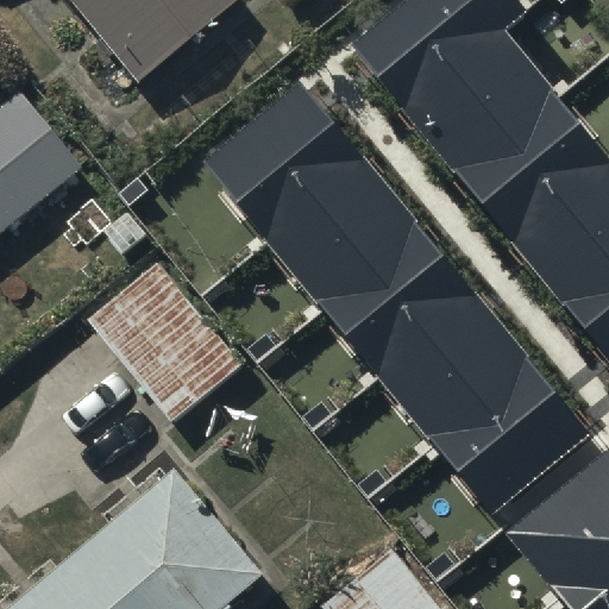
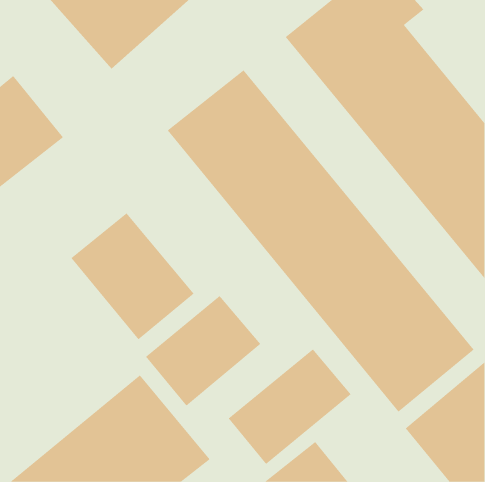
building: none -> [145,295,261,406]
building: none -> [228,349,352,465]

